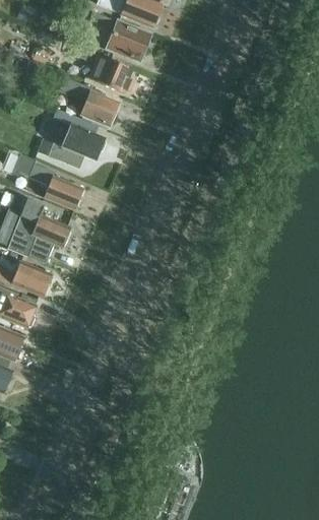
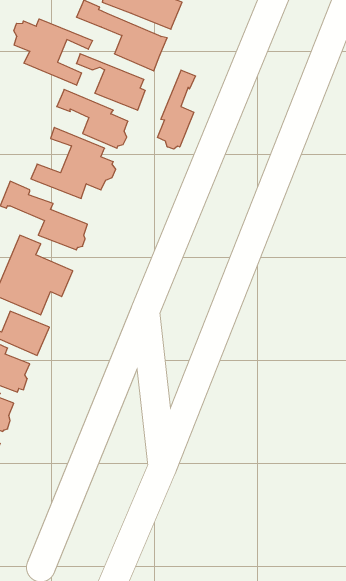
building: none -> [14,19,93,85]
building: none -> [158,70,195,149]

